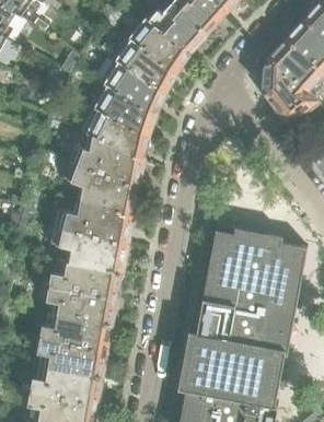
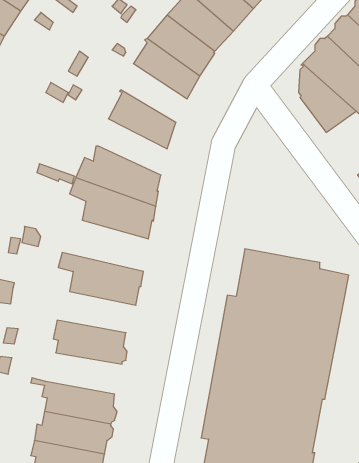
building: [94,57,165,113] -> none
building: [88,109,148,159] -> none
building: [56,198,131,243] -> none
building: [39,260,120,296] -> none
building: [42,314,111,350] -> none

